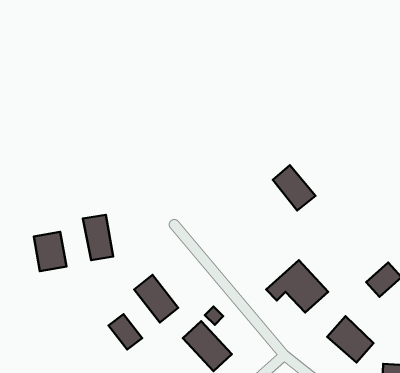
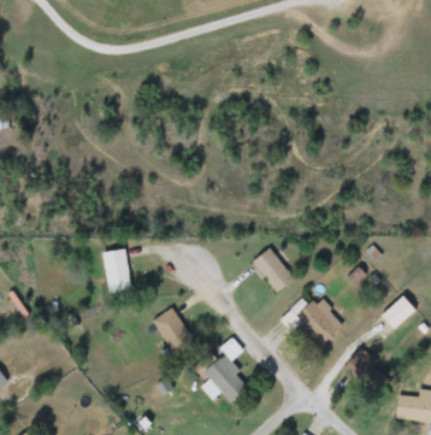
building: [273,165,315,210] -> [253,247,295,292]
building: [34,232,66,271] -> none
building: [108,314,142,350] -> none

